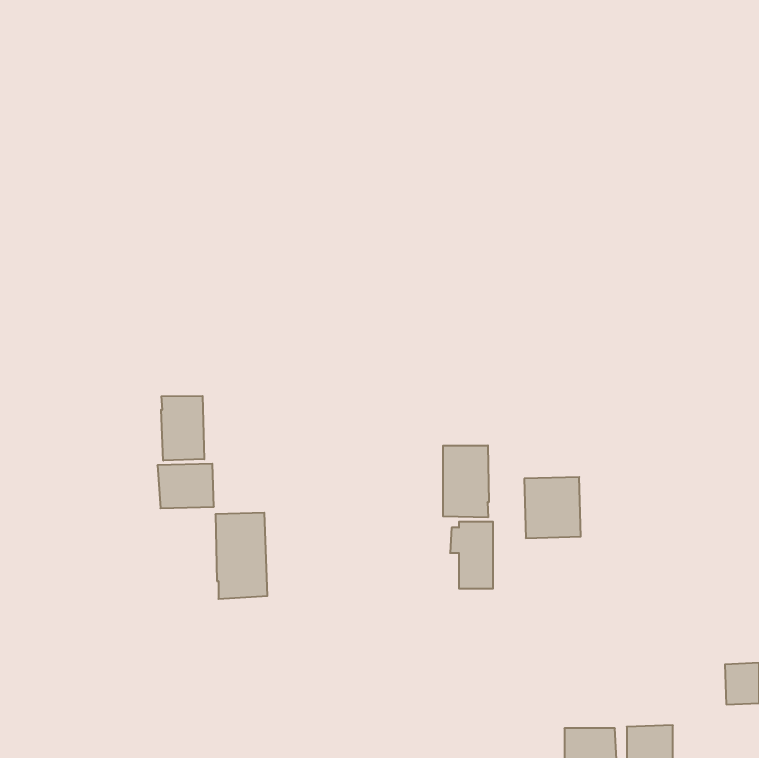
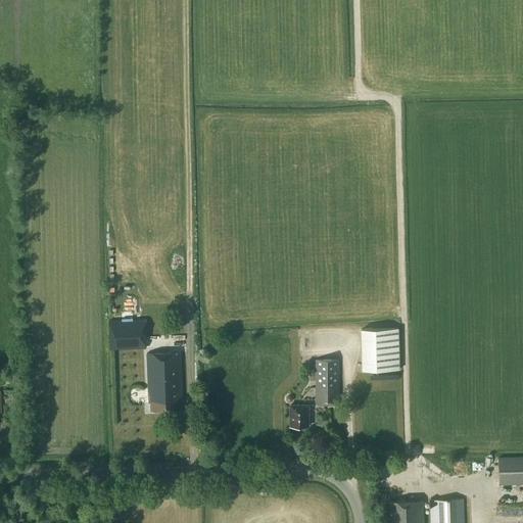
building: [161,396,204,461] -> none
building: [443,445,489,517] -> none
building: none -> [291,406,308,427]

